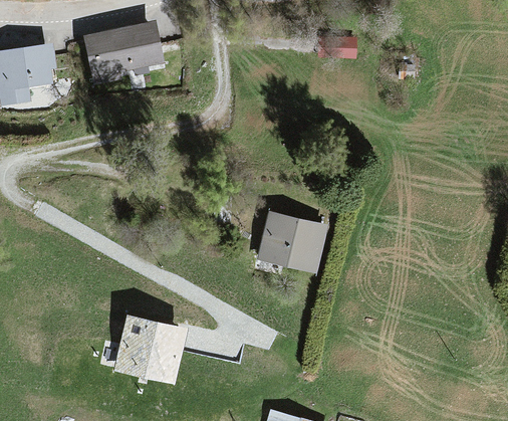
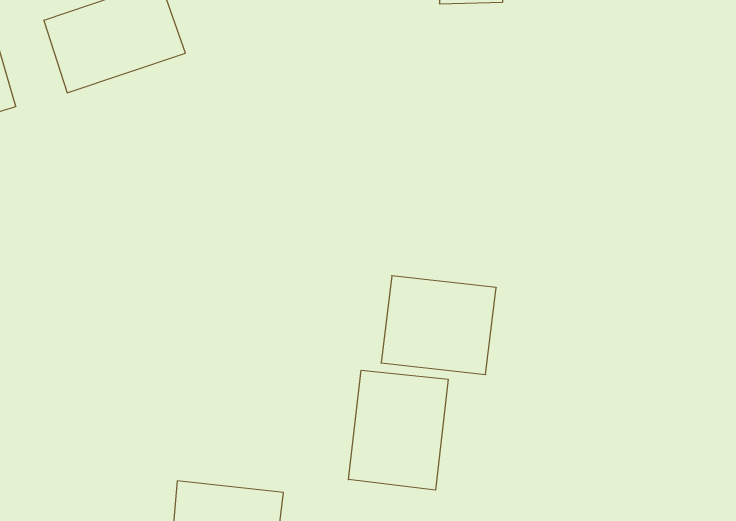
building: none -> [348,370,448,490]

